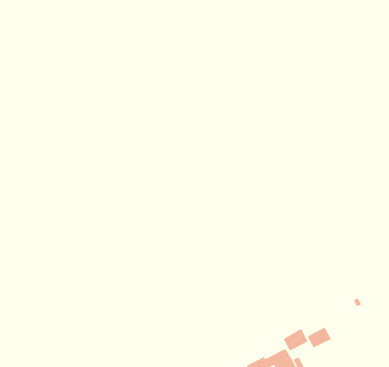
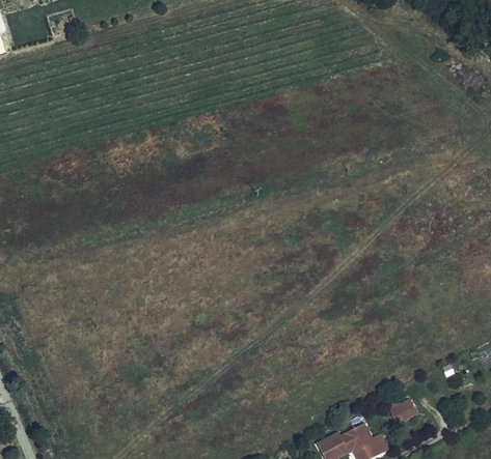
building: [283,328,308,352] -> none

